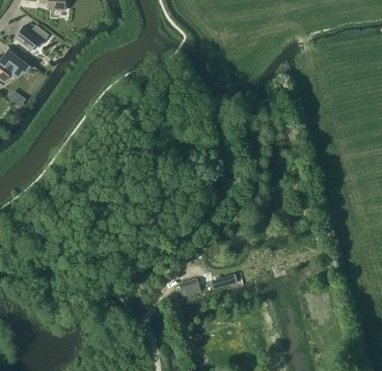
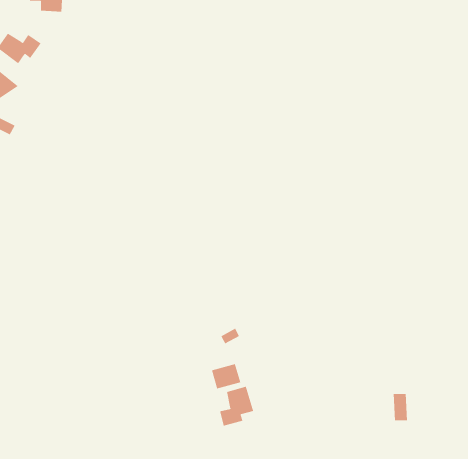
building: none -> [219,386,254,427]

